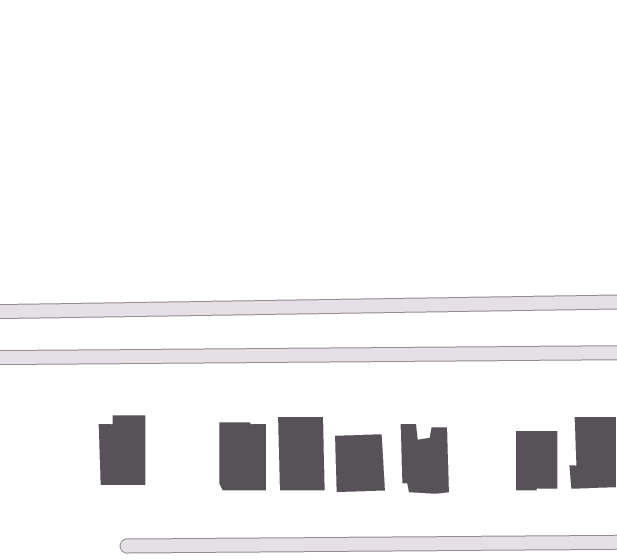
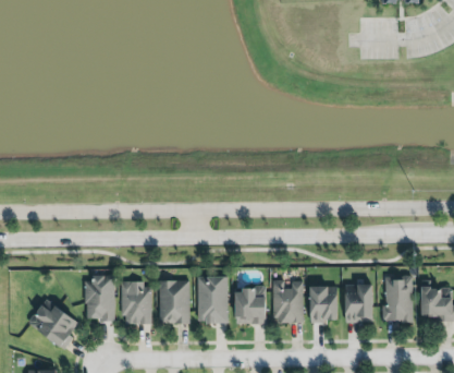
building: none -> [121,280,150,324]
building: none -> [312,288,340,324]
building: none -> [32,300,79,350]

